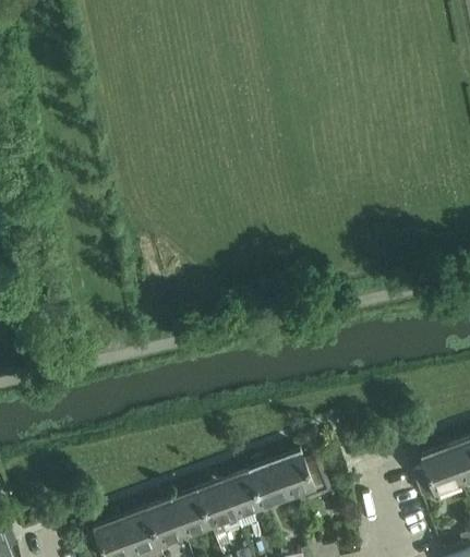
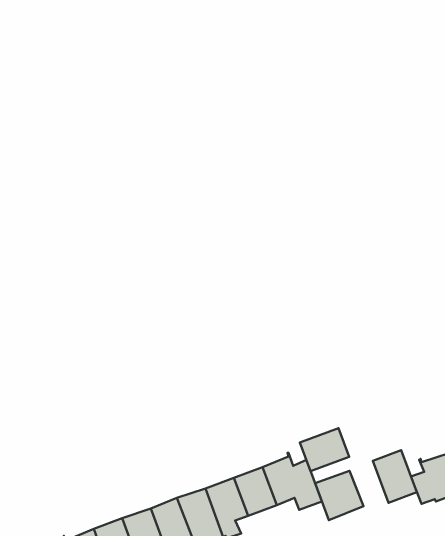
building: none -> [300,428,349,471]
building: none -> [373,450,417,503]
building: none -> [315,471,364,520]

